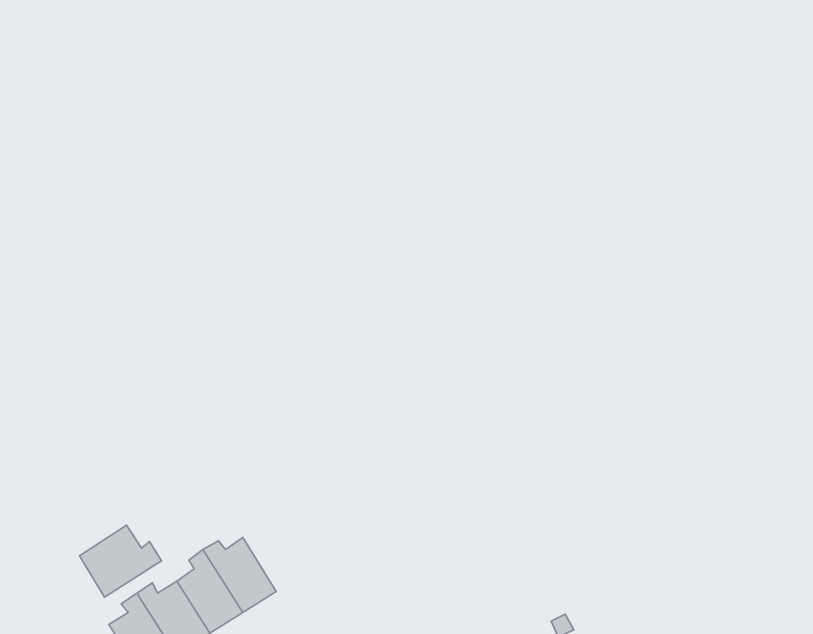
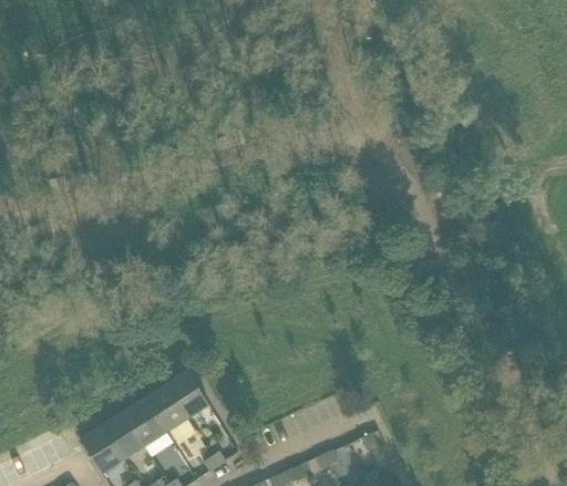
building: none -> [167,368,210,421]
building: [79,525,162,597] -> none

